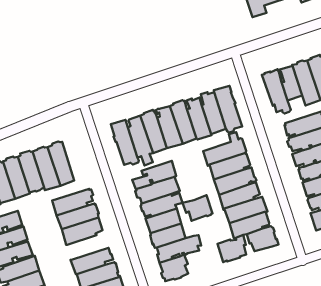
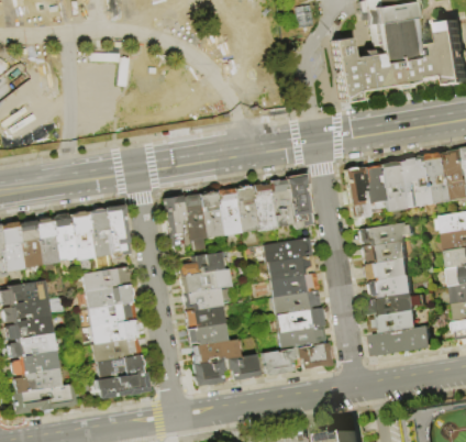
building: none -> [104,205,130,258]
building: [183,195,212,221] -> [226,354,258,380]
building: none -> [91,320,138,344]

